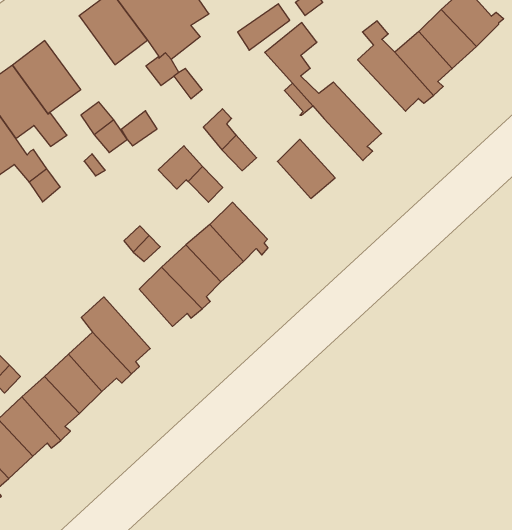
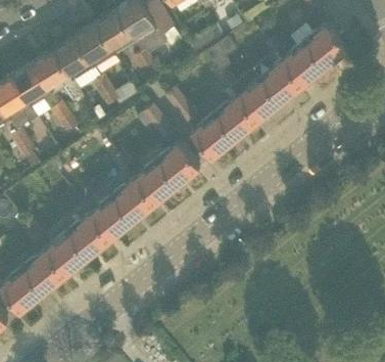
building: none -> [76,21,116,65]
building: none -> [246,59,288,104]
building: none -> [224,93,260,129]
building: none -> [194,117,228,153]
building: none -> [100,180,140,223]

